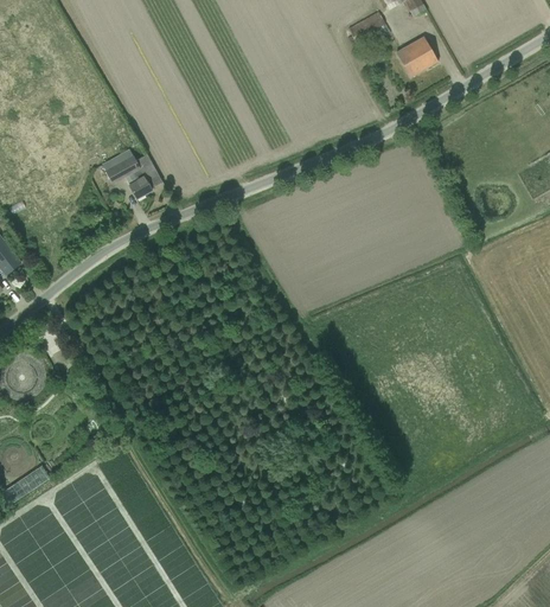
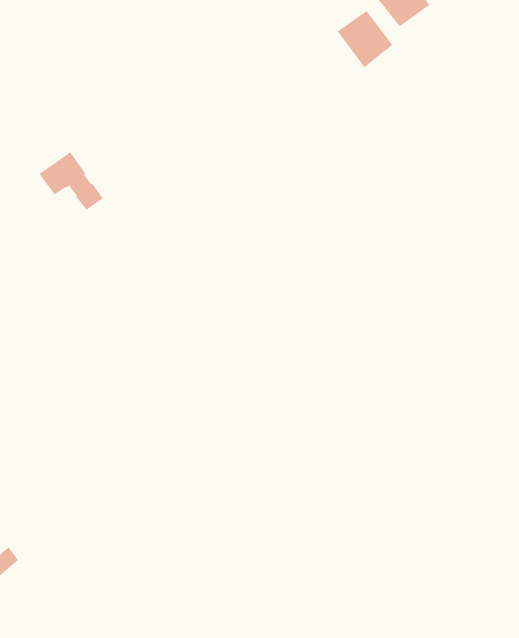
building: none -> [337,10,393,68]

